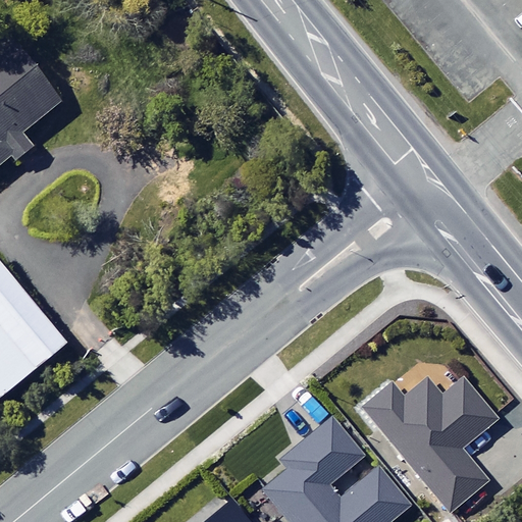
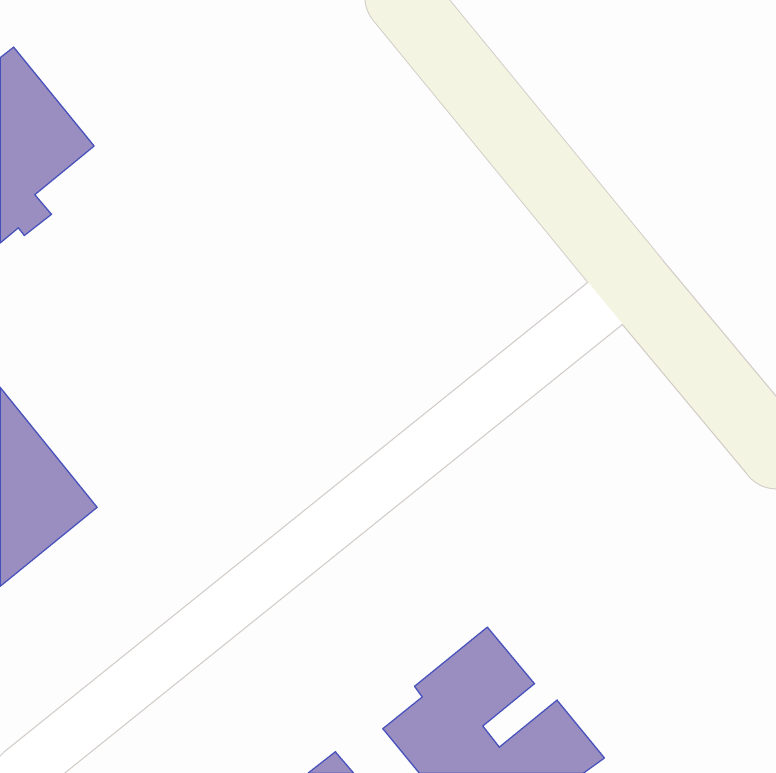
building: [361,382,493,513] -> none

